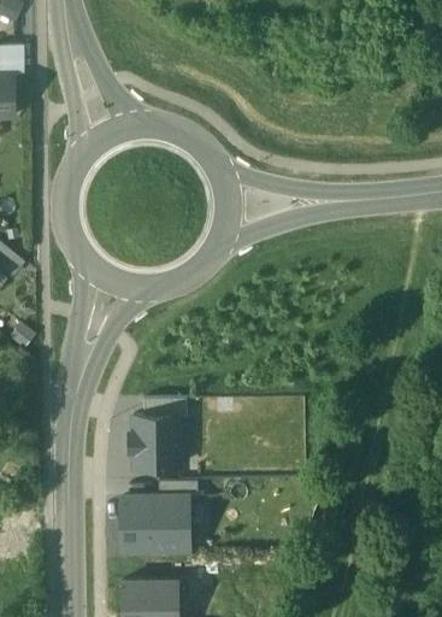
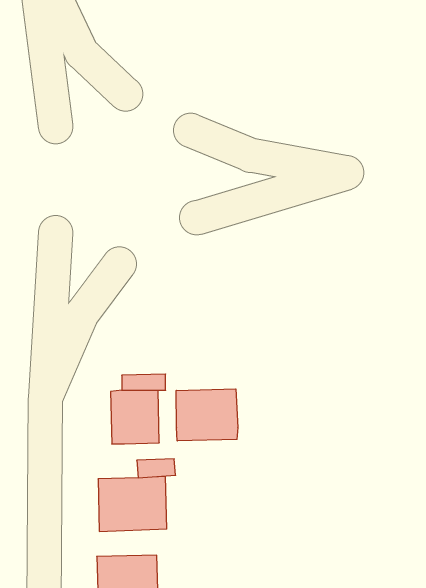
building: none -> [176,389,238,441]

